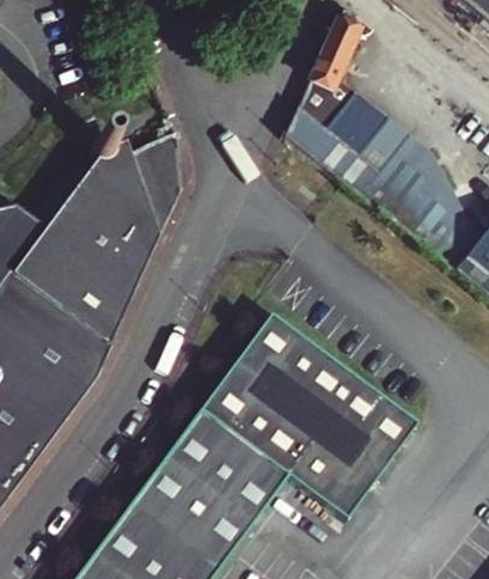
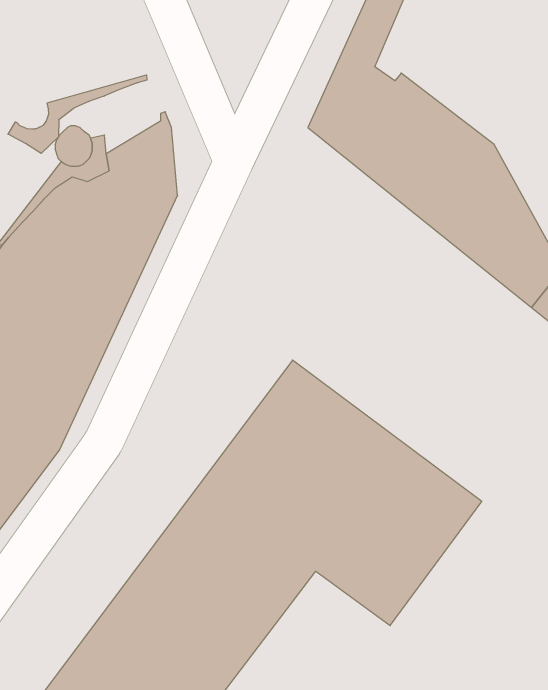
building: none -> [8,75,147,153]

